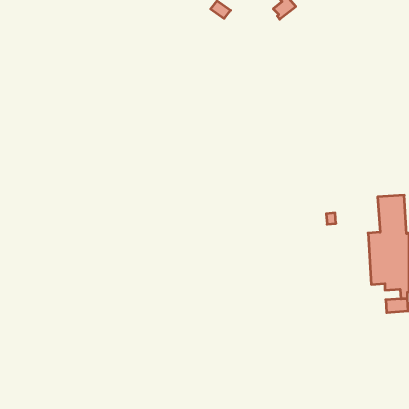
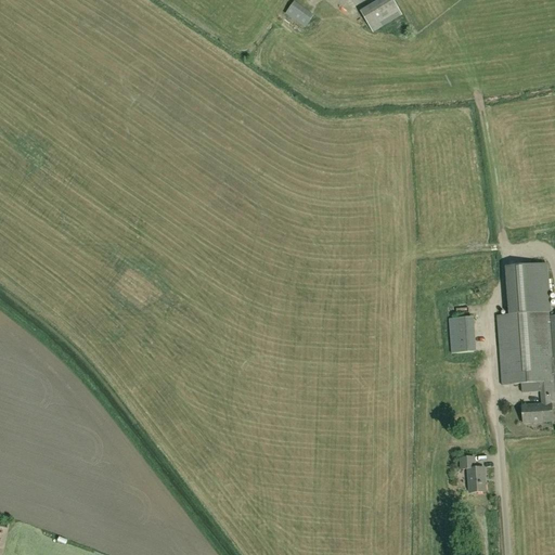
building: none -> [449,315,473,351]
building: none -> [460,455,485,491]

